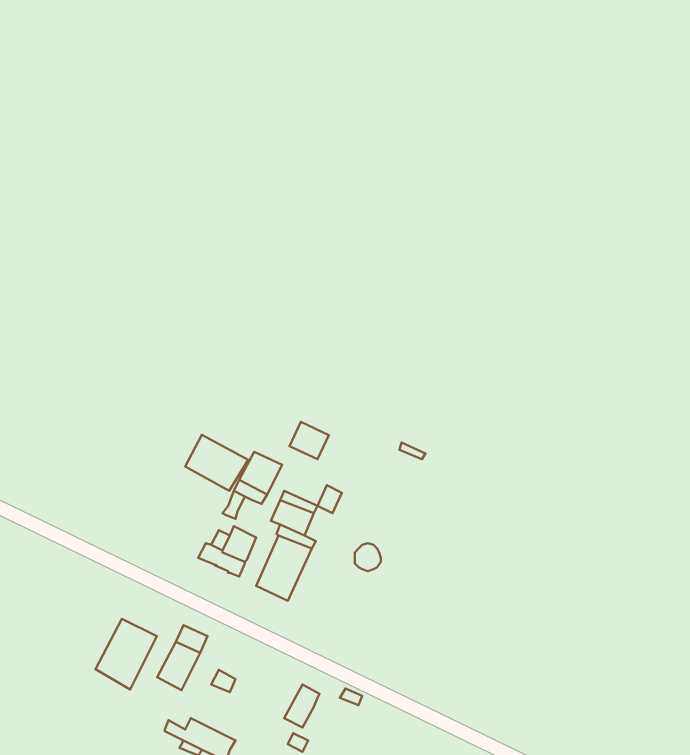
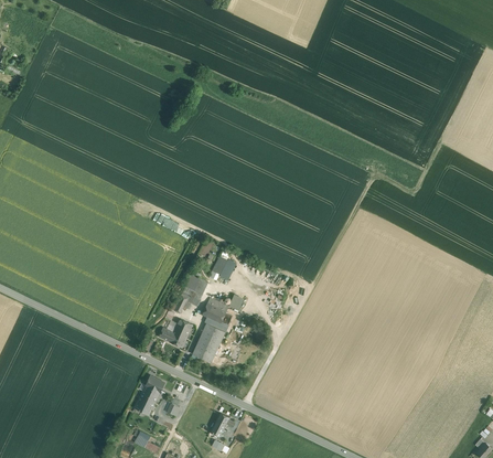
building: [185,435,248,491] -> none
building: [95,619,157,689] -> none

